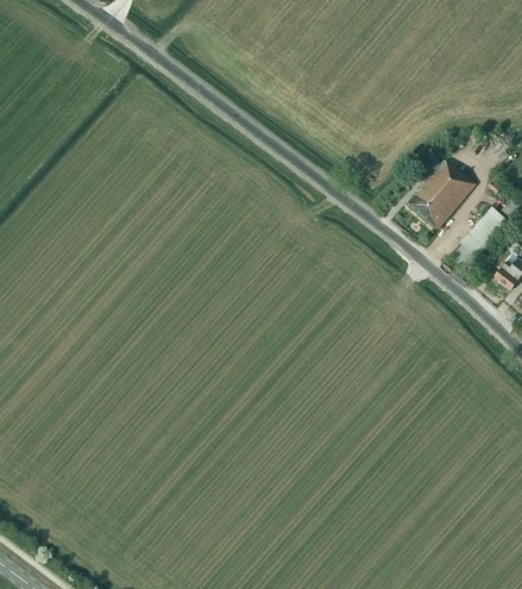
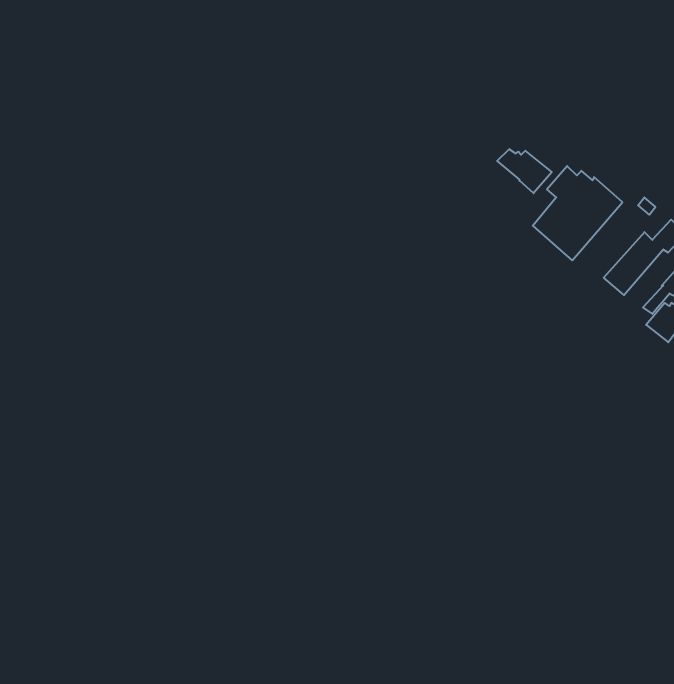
building: none -> [497,149,552,193]

